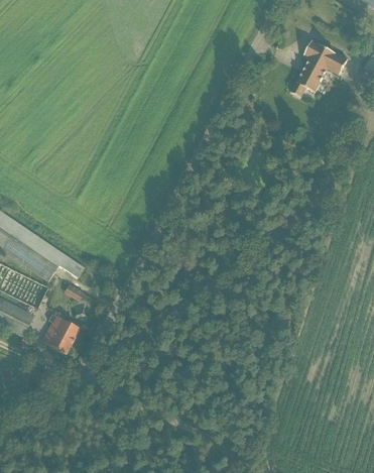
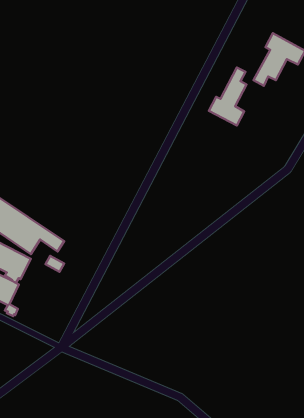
building: none -> [209,67,247,125]
building: [41,314,79,353] -> none

